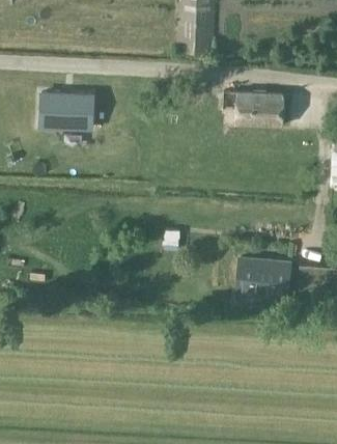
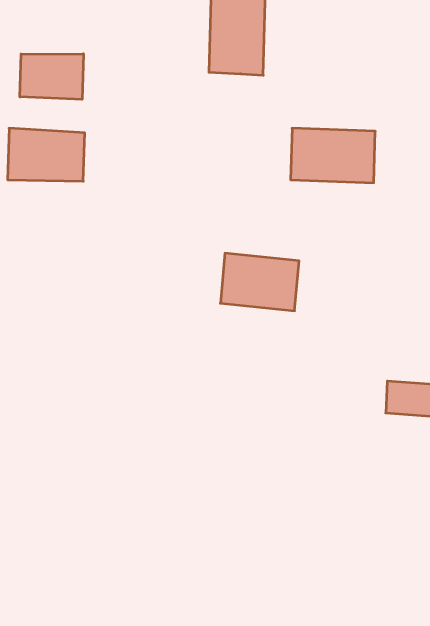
building: none -> [20,54,83,99]
building: [241,255,294,295] -> [220,253,299,311]

